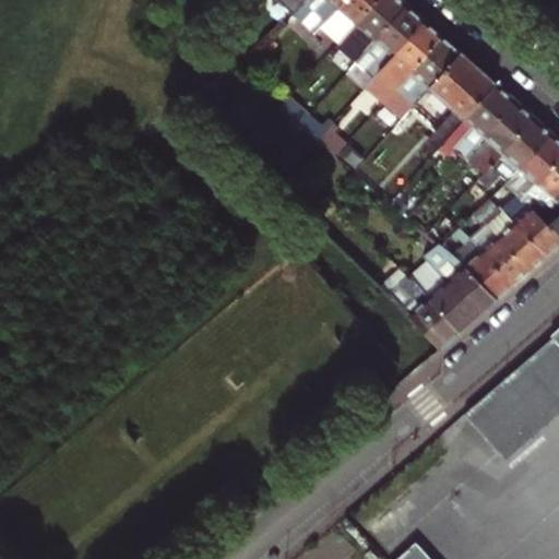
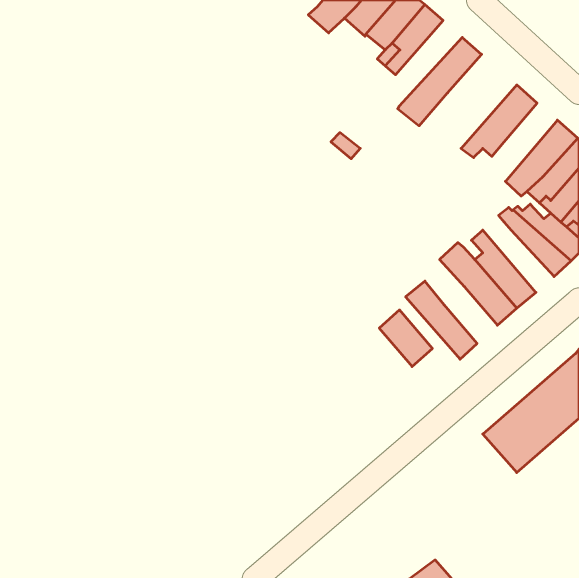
building: [367,21,445,104] -> none
building: [431,53,498,150] -> none
building: [476,100,537,176] -> none
building: [465,209,534,283] -> none
building: [428,277,479,332] -> [379,310,432,367]

